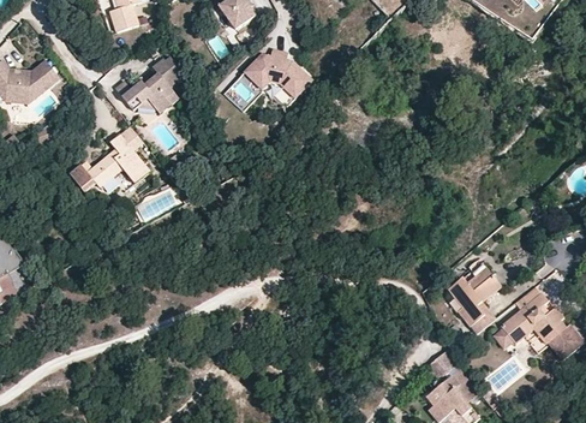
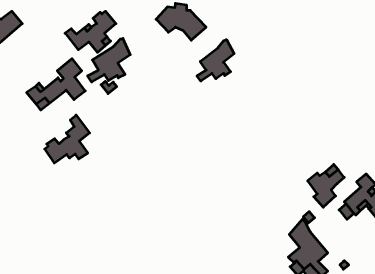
building: none -> [88,38,130,82]
building: none -> [197,40,234,81]
building: none -> [45,115,90,163]

